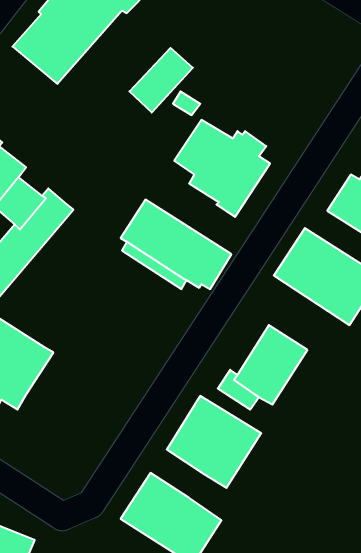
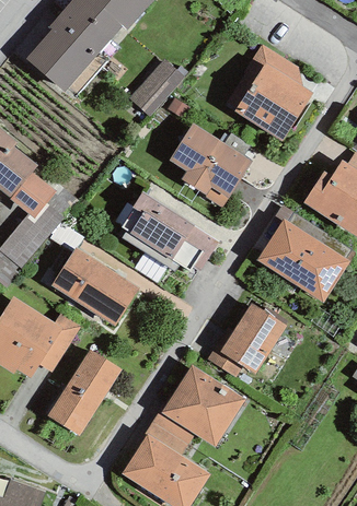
building: none -> [224,44,312,141]
building: none -> [50,247,139,325]
building: none -> [37,313,80,372]
building: none -> [46,349,120,435]
building: none -> [145,411,194,455]

